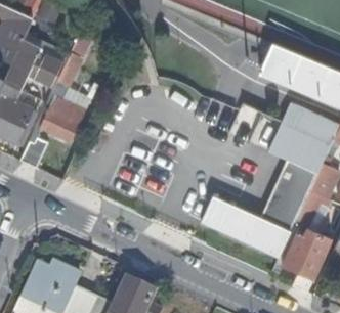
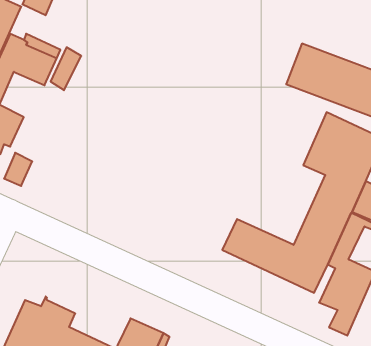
building: [41,94,85,139] -> none

